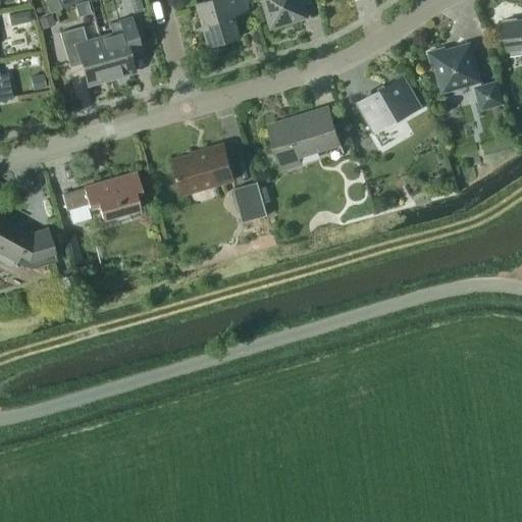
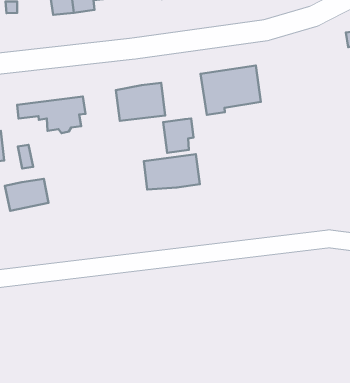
building: [357,75,420,133] -> none
building: none -> [144,154,200,190]
building: none -> [5,179,49,211]

